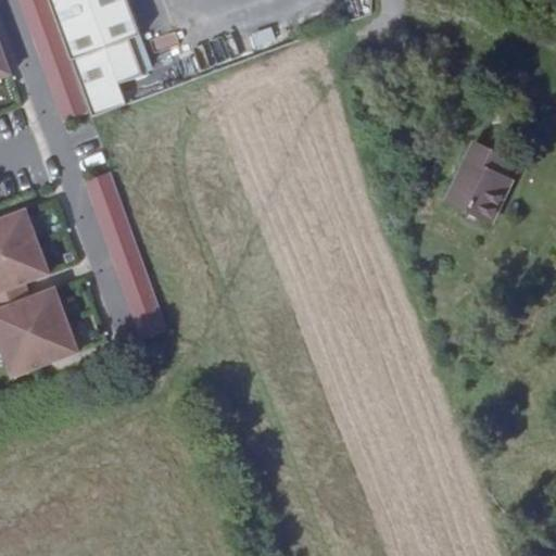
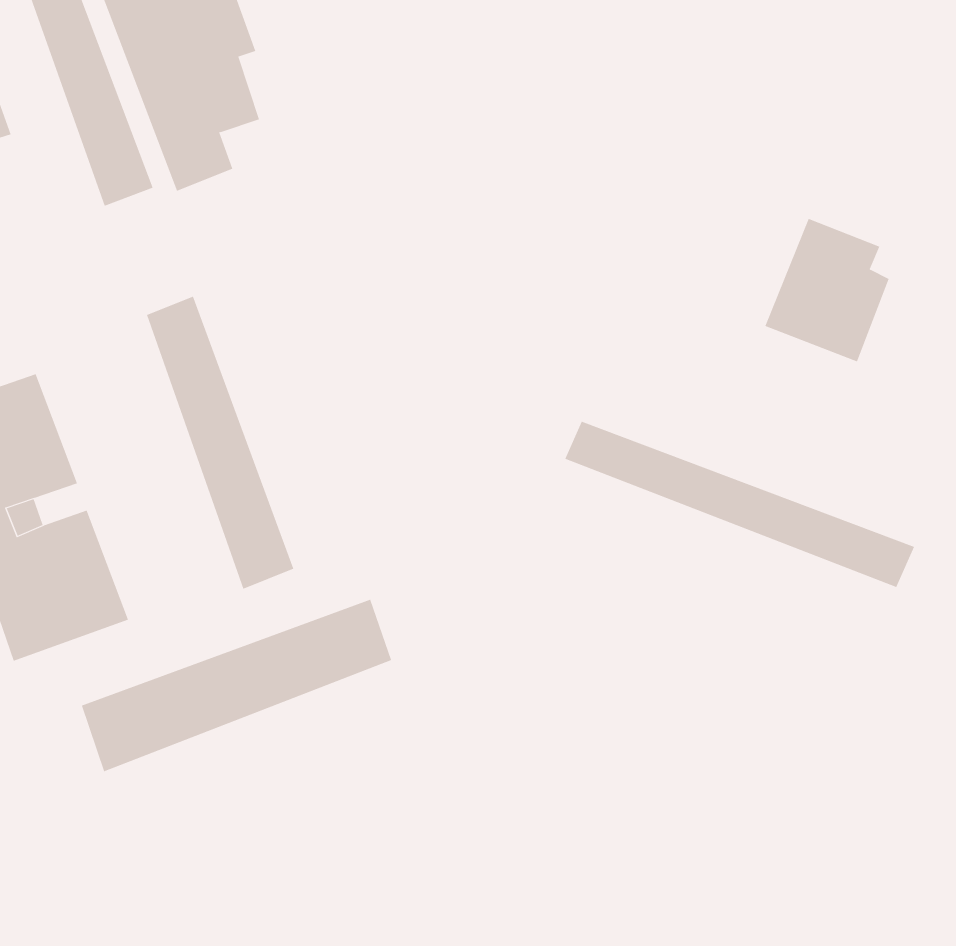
building: none -> [565,421,915,588]
building: none -> [81,599,392,772]

